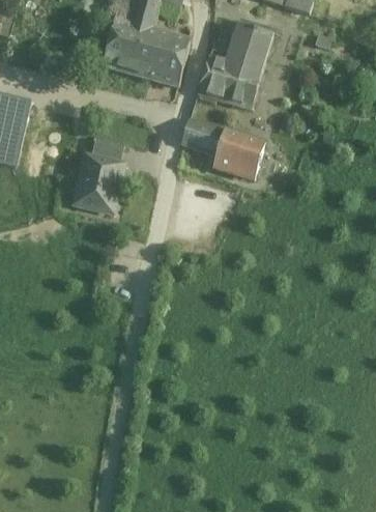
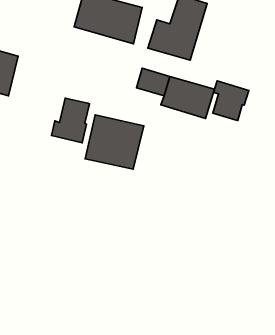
building: none -> [213,81,249,121]
building: [90,139,122,163] -> none
building: none -> [85,115,144,169]

